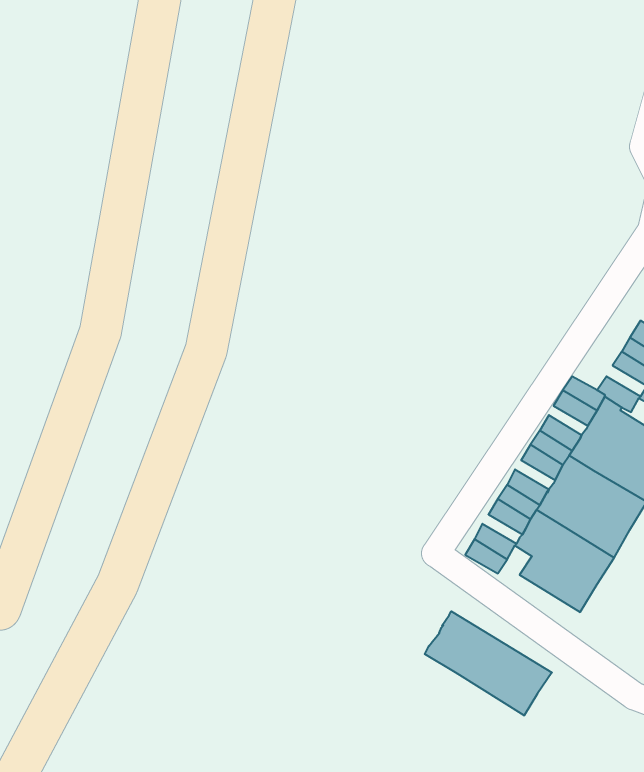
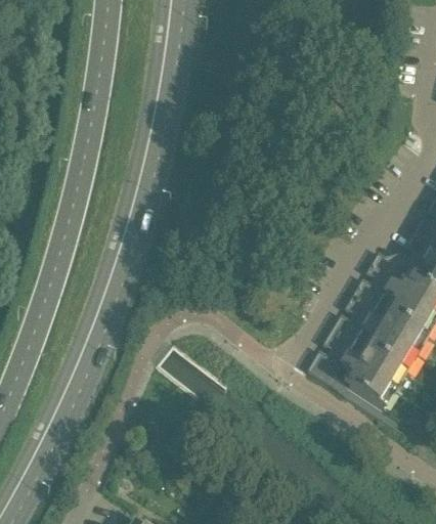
building: [425,611,552,716] -> none

